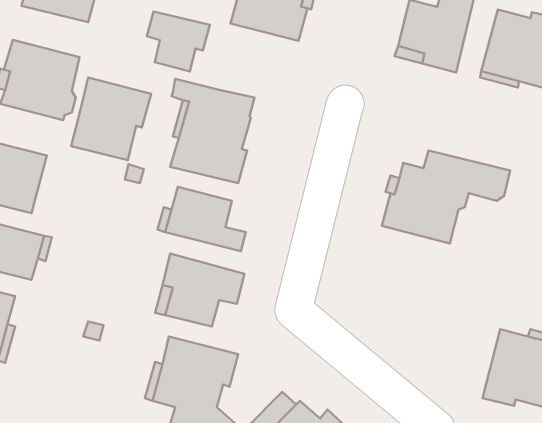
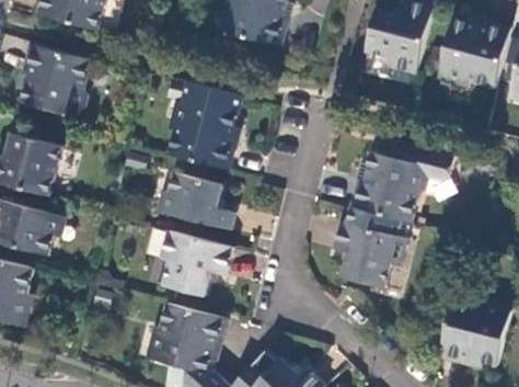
building: [147,11,210,71] -> none
building: [71,78,151,160] -> none
building: none -> [335,207,411,288]

